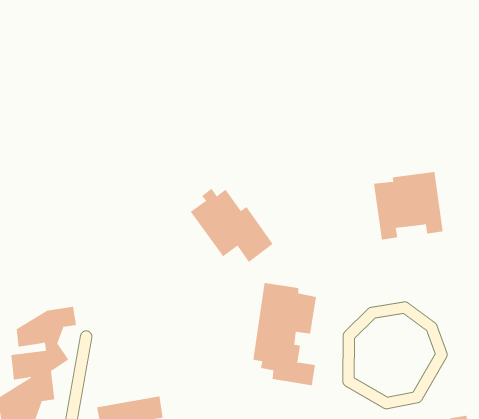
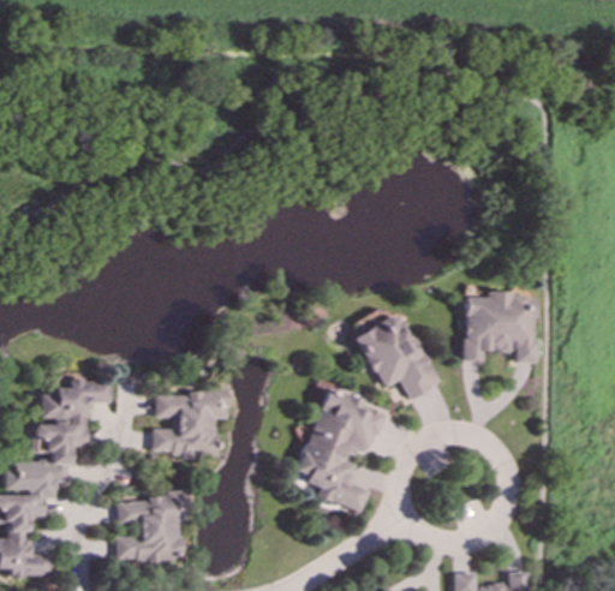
building: [190,188,273,263] -> [351,310,438,400]
building: none -> [150,392,226,459]

